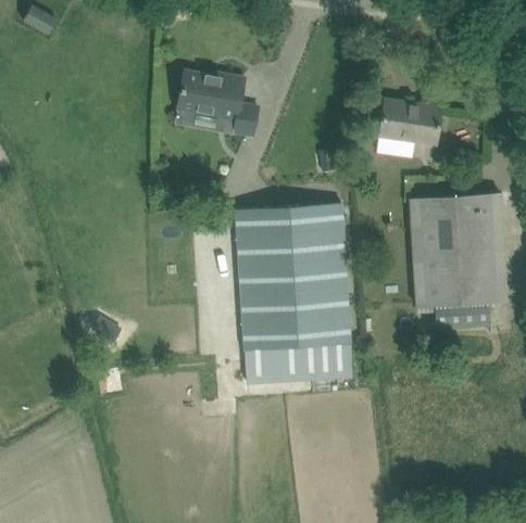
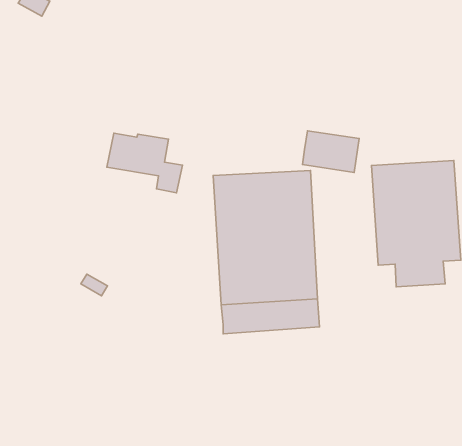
building: [177,73,260,138] -> [107,133,182,193]
building: [379,100,441,145] -> [303,131,359,173]

